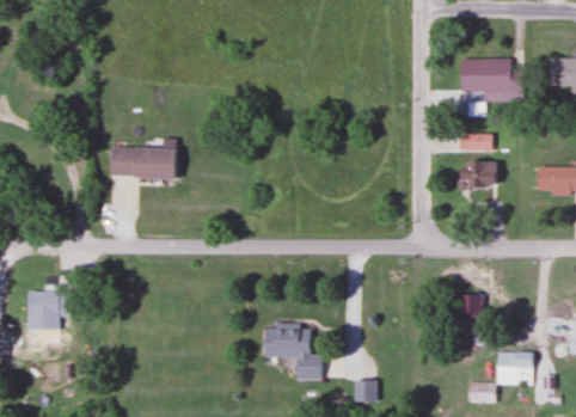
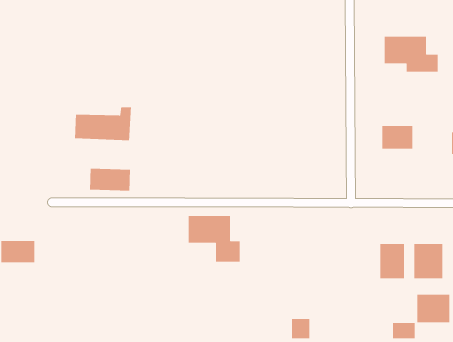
building: [458,133,494,149] -> none
building: none -> [89,168,131,192]
building: none -> [413,243,443,279]
building: [263,325,323,379] -> [188,215,240,262]

